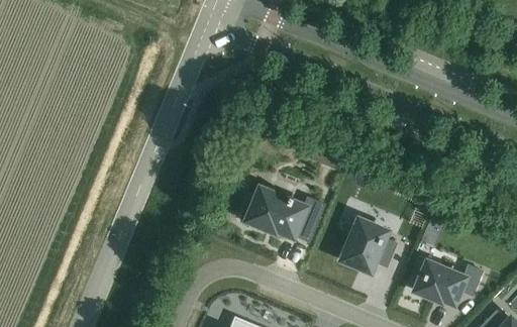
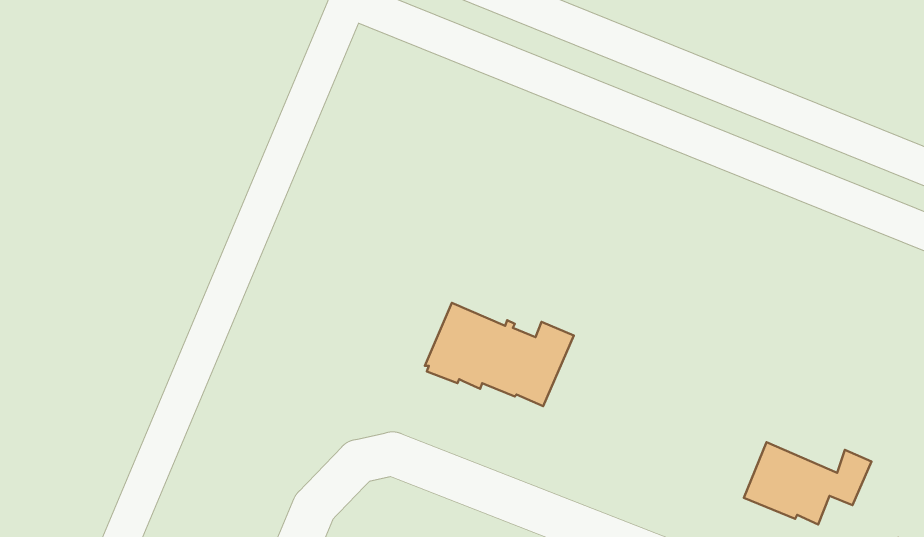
building: [340,219,395,272] -> none

